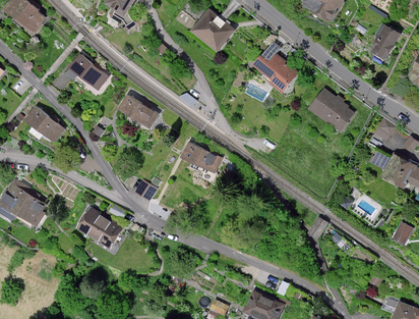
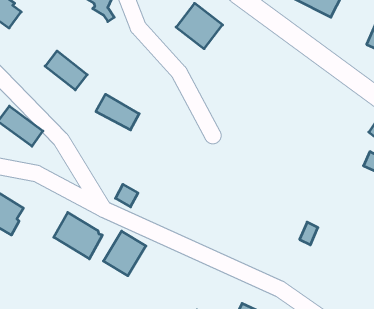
building: [252,43,299,89] -> none
building: [308,89,355,131] -> none
building: [181,143,222,173] -> none
building: none -> [103,231,146,276]

